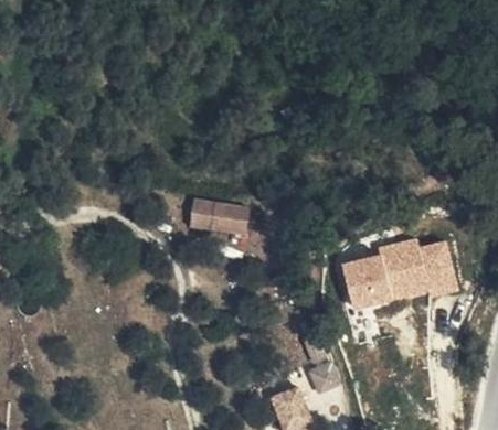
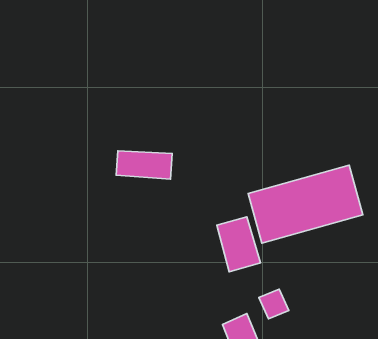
building: none -> [217,217,260,272]

